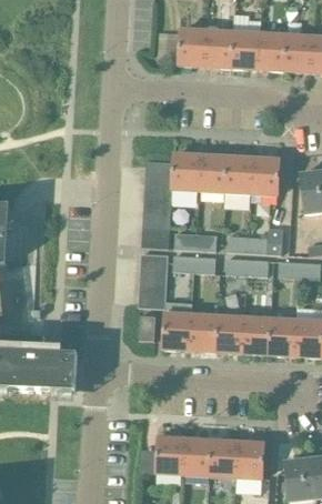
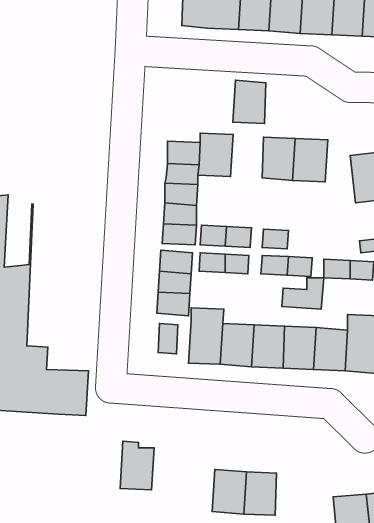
building: [199,155,227,192] -> [233,80,266,124]
building: [246,228,282,254] -> [282,278,324,309]
building: [157,433,185,474] -> [120,441,154,490]
building: [237,442,265,478] -> none

